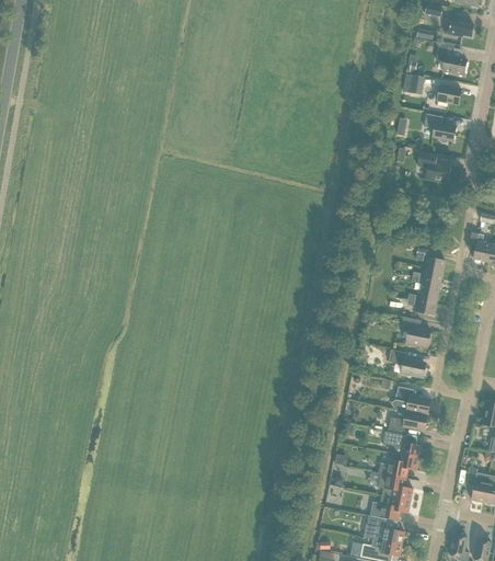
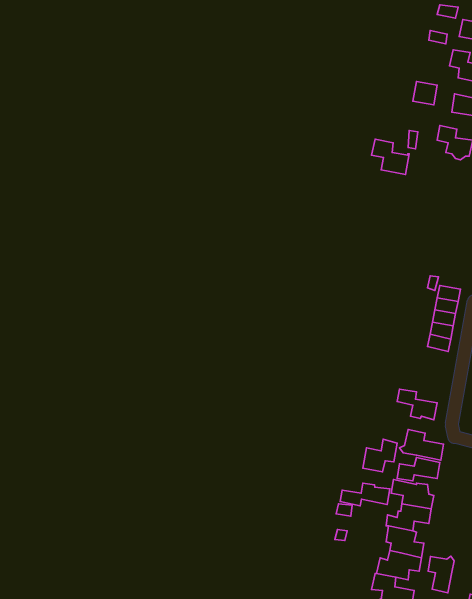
building: [416,151,450,183] -> [371,139,409,175]
building: [401,317,430,347] -> none
building: none -> [363,439,397,472]
building: none -> [340,483,390,506]
building: none -> [428,556,454,593]

